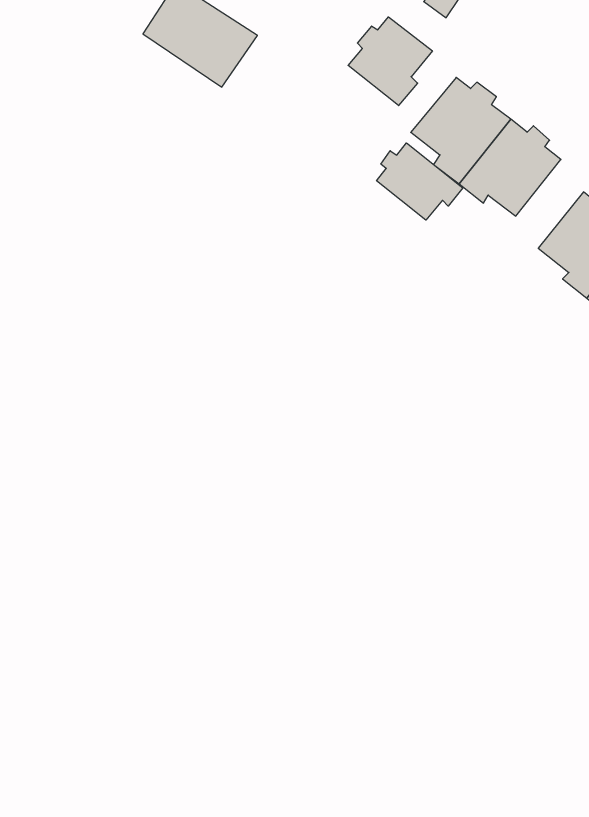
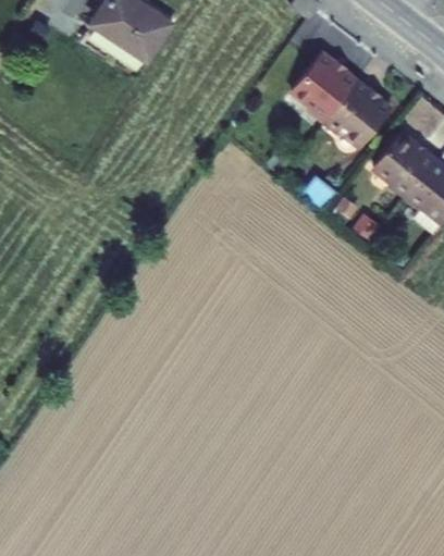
building: [348,17,432,106] -> none
building: [377,143,463,220] -> none

